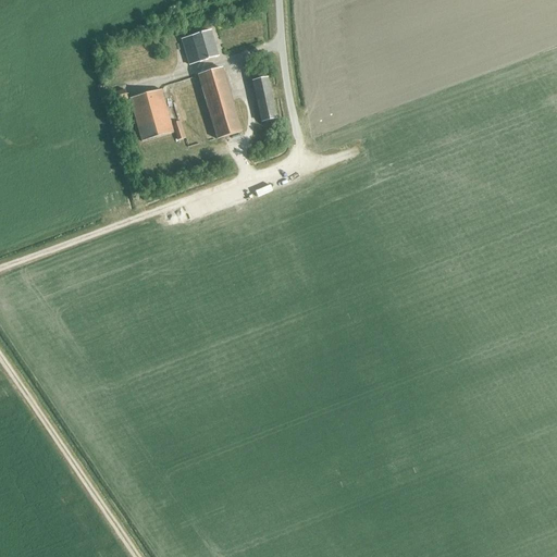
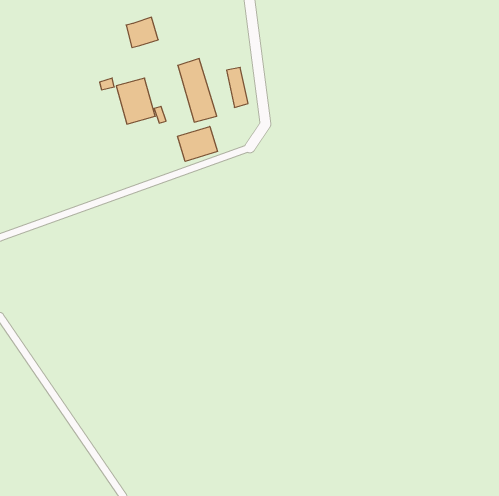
building: [182,28,218,62] -> [126,17,158,48]
building: none -> [177,126,218,161]

